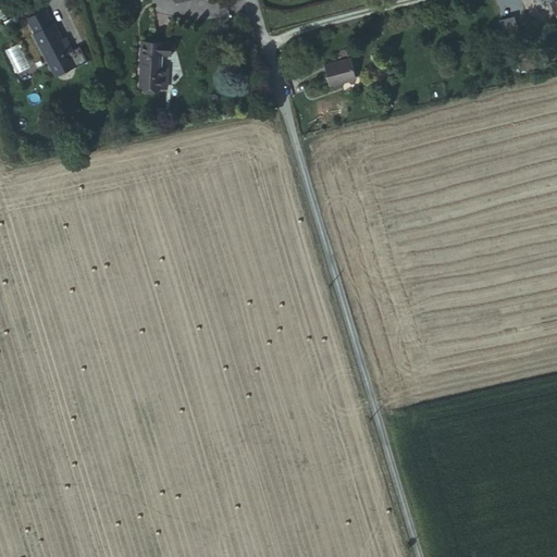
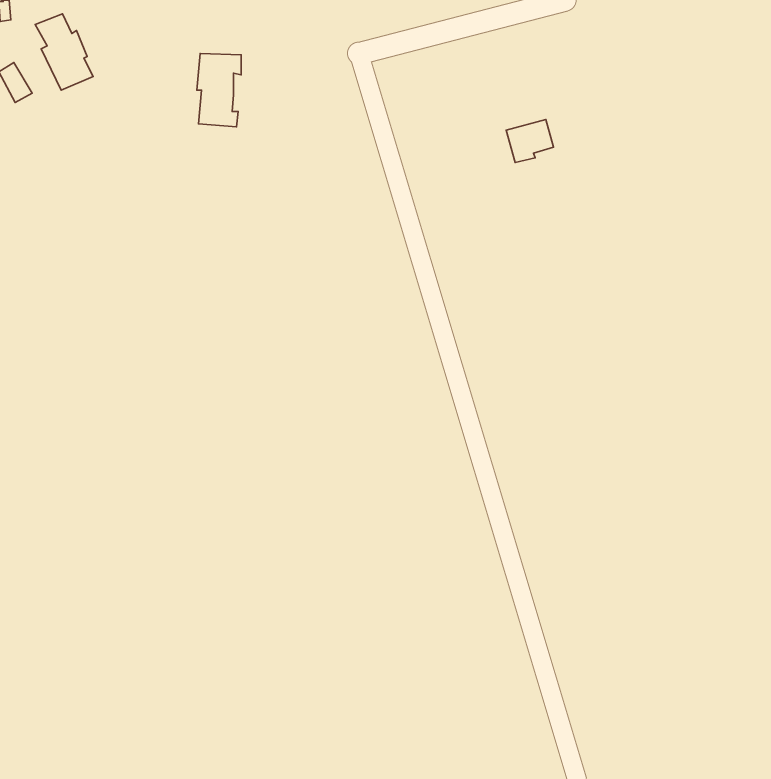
building: [44,51,82,79] -> none
building: [324,59,358,89] -> [506,120,553,162]

